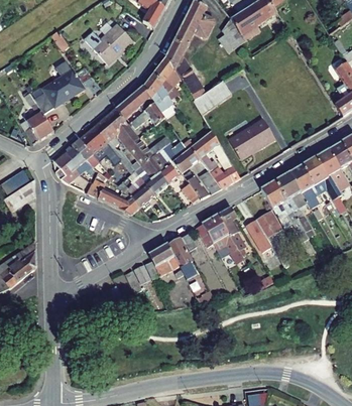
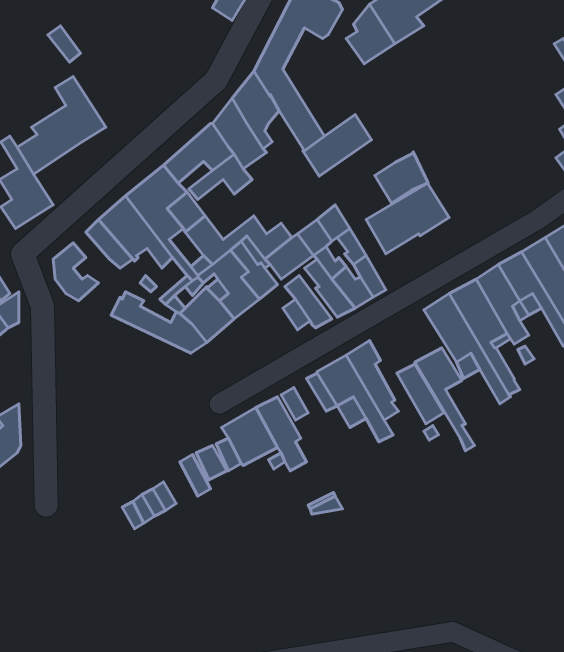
building: [92,25,131,63] -> none
building: none -> [375,152,428,203]
building: [65,146,98,177] -> none

